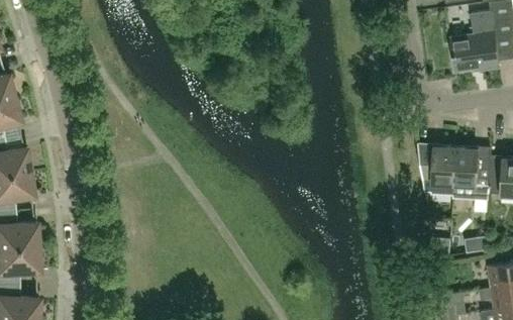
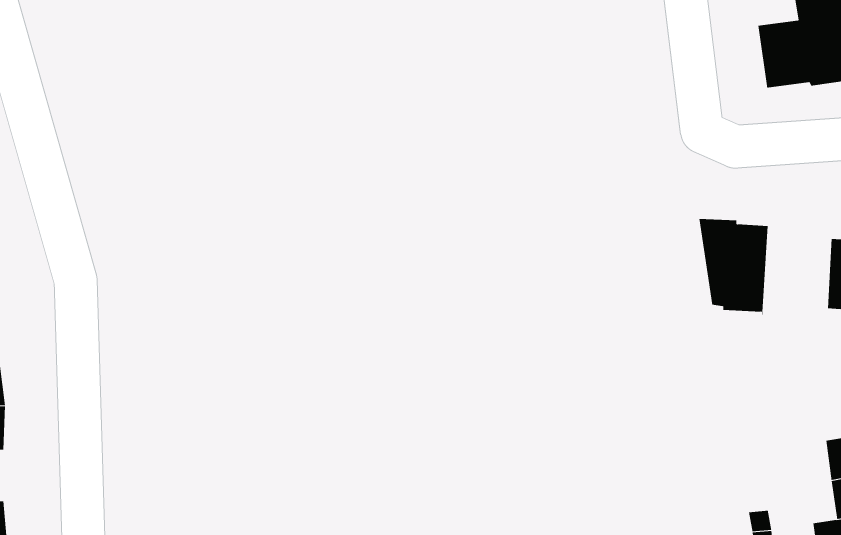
building: [453,145,491,199] -> none

